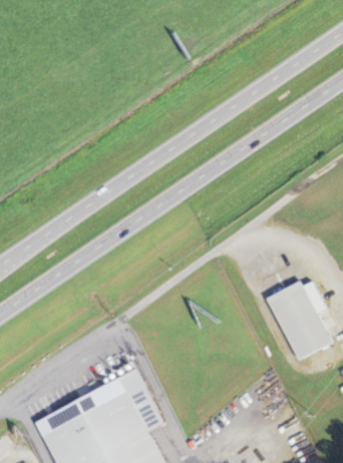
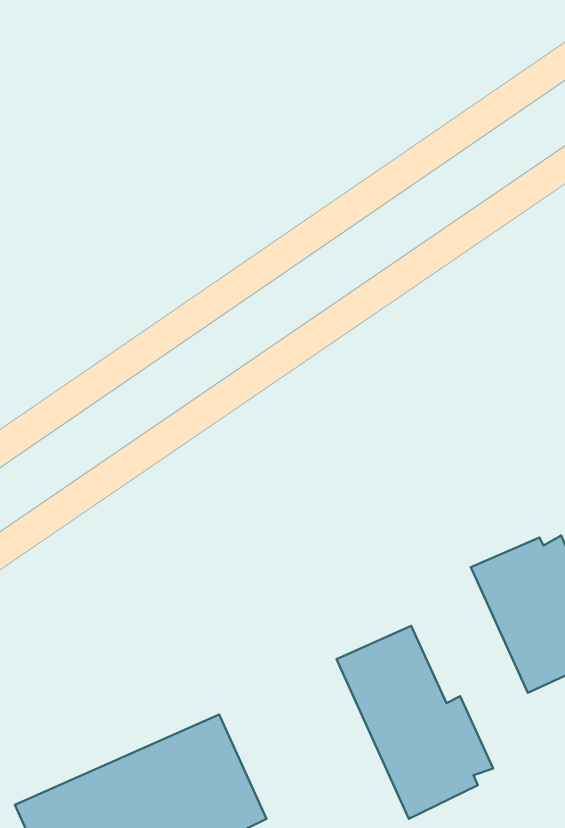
building: none -> [336,626,493,819]

